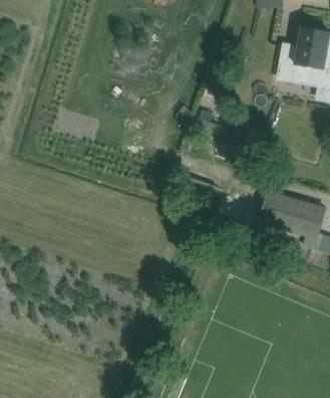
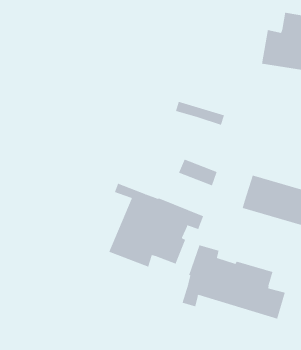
building: none -> [109,183,204,268]
building: none -> [182,244,286,319]

